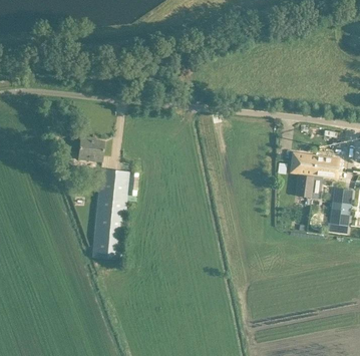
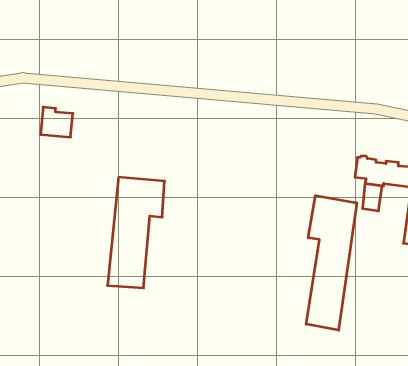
building: [78,136,104,160] -> [41,107,73,137]
building: none -> [306,196,357,330]

